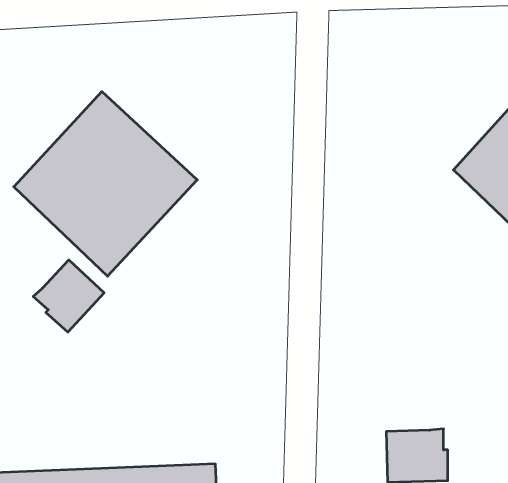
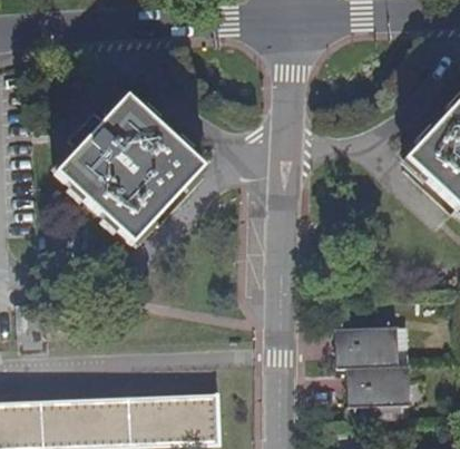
building: [33,260,104,332] -> none
building: none -> [340,326,389,368]

